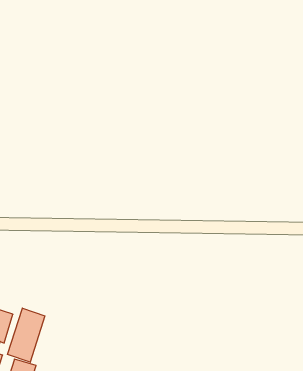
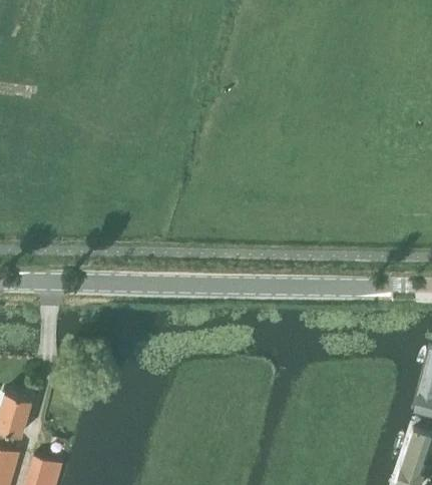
building: [8,308,45,362] -> none

